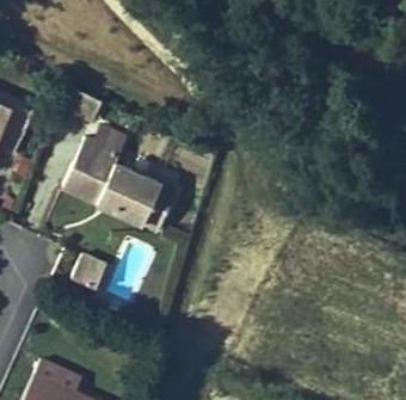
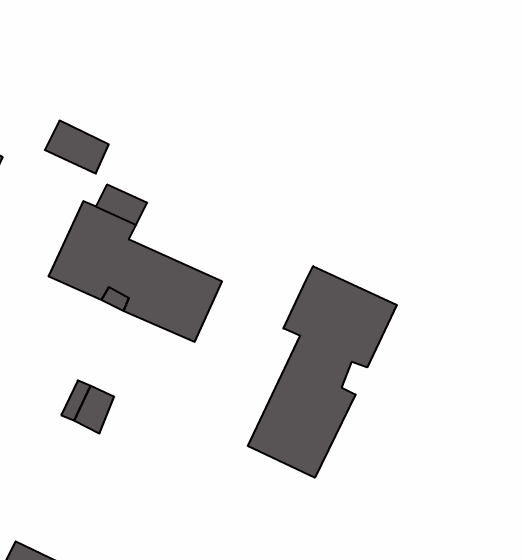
building: none -> [248,266,397,478]

